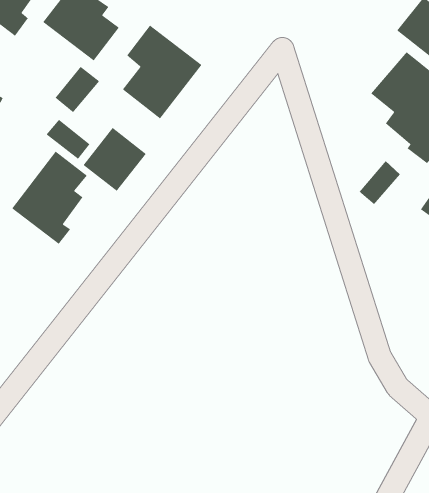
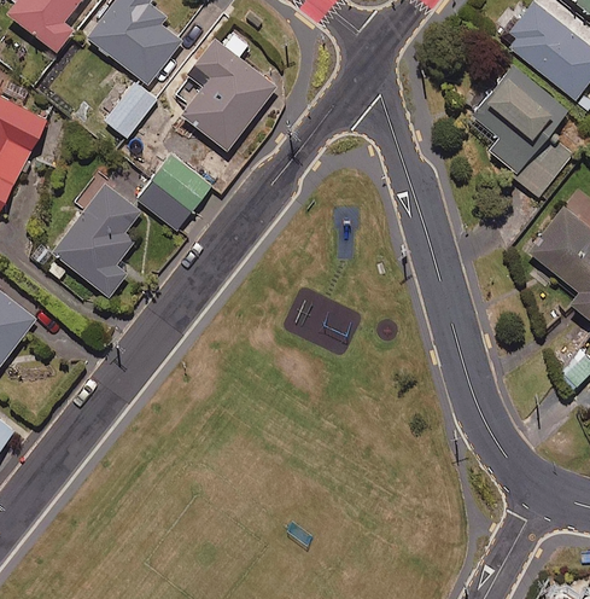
building: [46,119,90,160] -> none
building: [359,160,401,205] -> none

